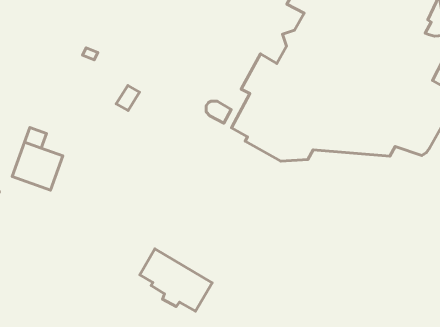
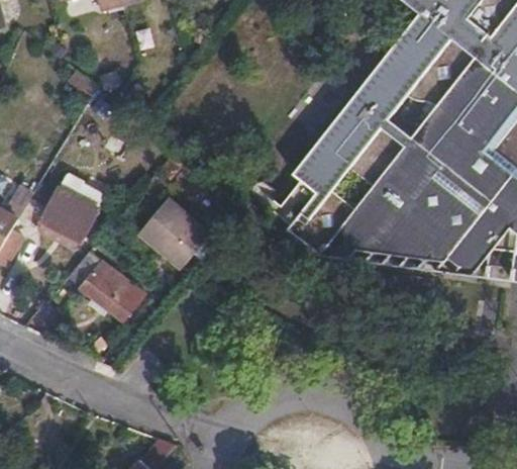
building: none -> [141,199,209,266]
building: [140,249,212,311] -> [72,248,145,319]

